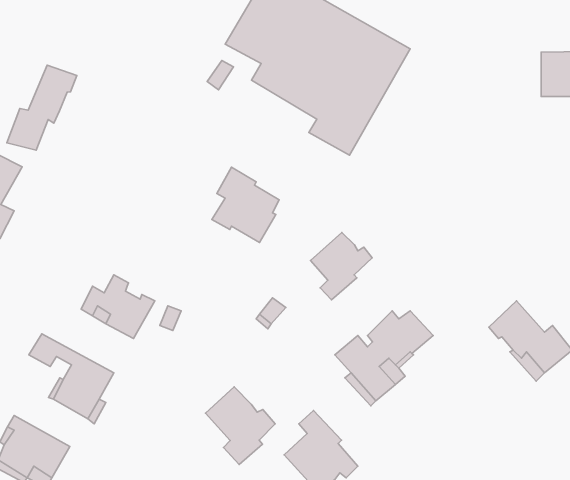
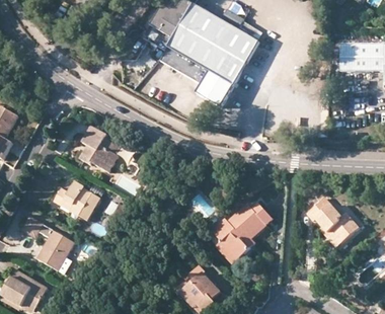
building: [7,65,77,150] -> none
building: [212,167,279,242] -> [78,125,120,171]
building: [310,233,372,300] -> none
building: [206,387,275,465] -> none

